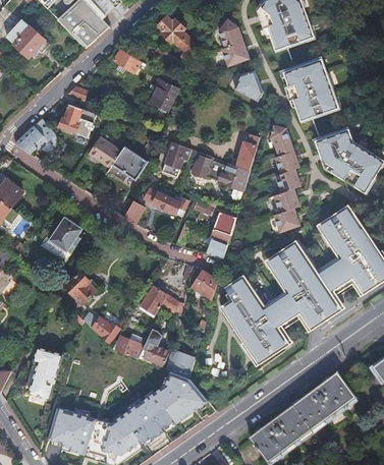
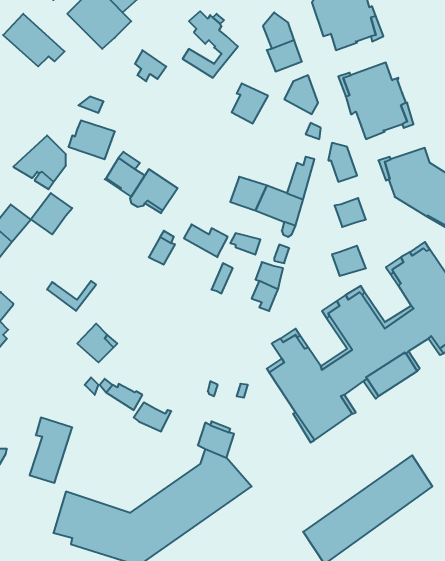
building: [148,77,177,110] -> [232,83,268,123]
building: [161,141,190,176] -> none
building: [273,150,298,173] -> none
building: [272,187,298,212] -> none
building: [48,217,81,250] -> [31,193,72,234]
building: [188,269,215,298] -> none
building: [140,285,177,312] -> none
building: [136,329,167,366] -> none

